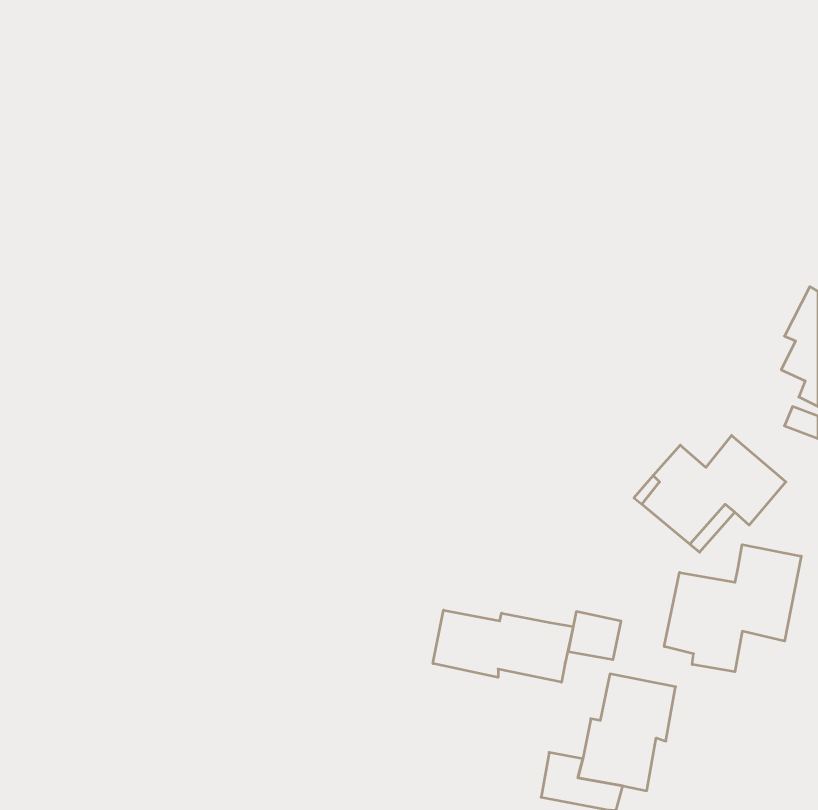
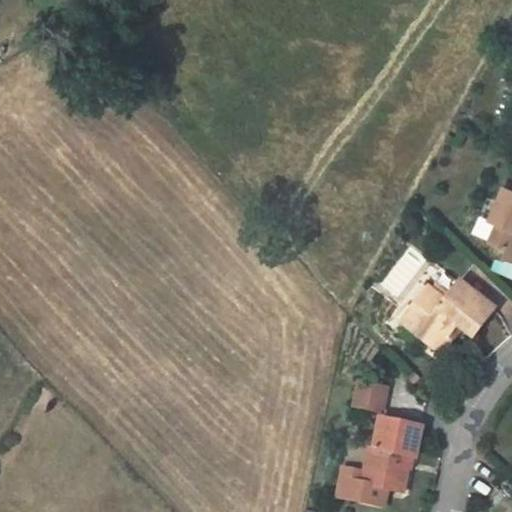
building: [664,545,801,672] -> none
building: [433,610,573,682] -> none

